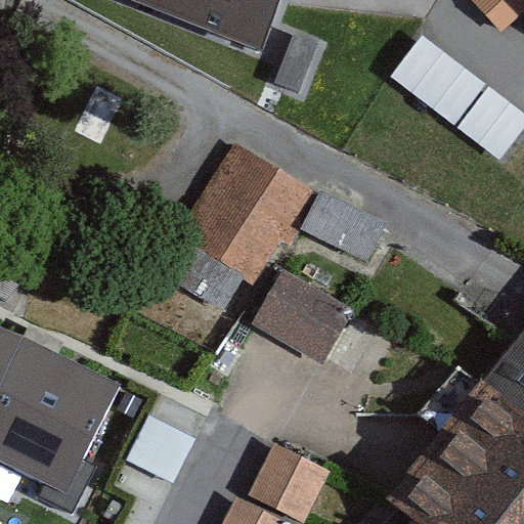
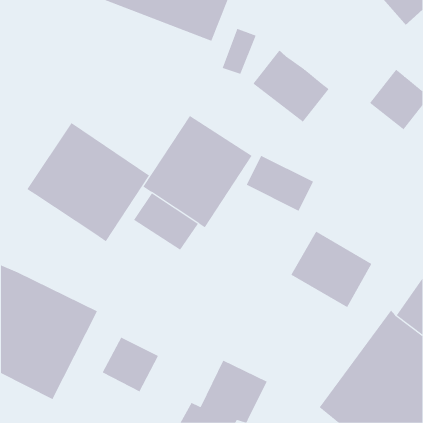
building: [391,34,486,124] -> [253,49,330,122]
building: none -> [27,122,150,242]
building: [252,269,353,364] -> [290,231,372,308]

